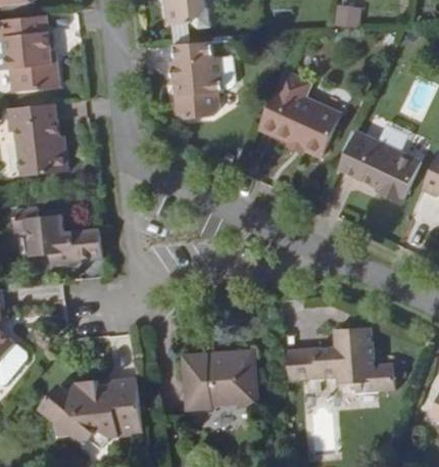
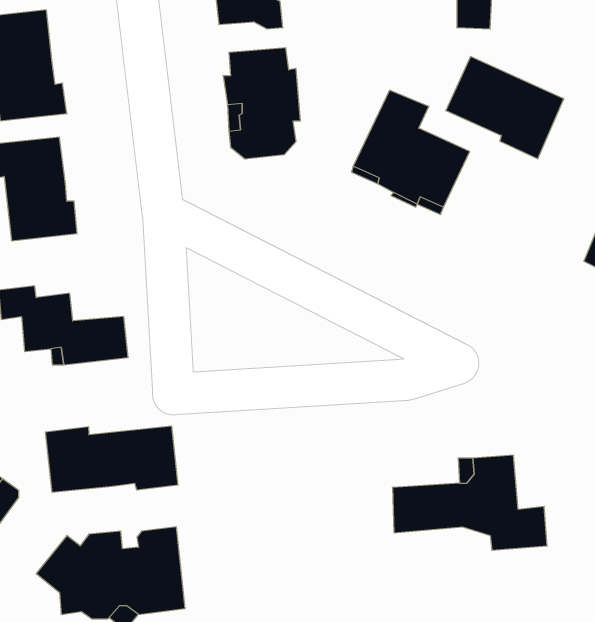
building: [337,131,420,202] -> [446,57,564,159]
building: none -> [45,426,178,492]
building: [182,349,257,410] -> none

